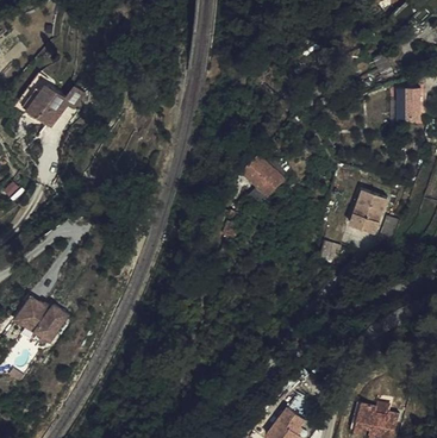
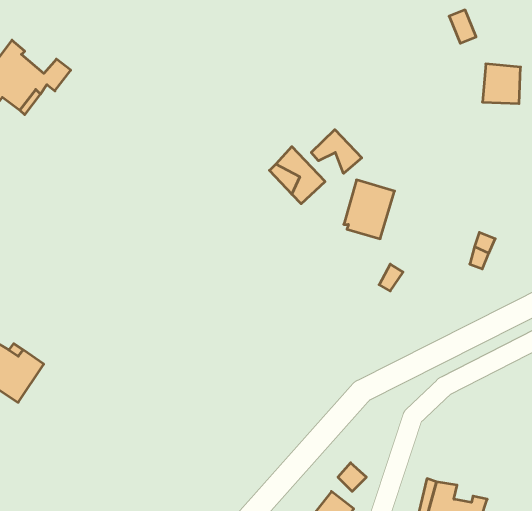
building: none -> [311,130,362,173]
building: [356,190,394,234] -> [344,180,395,239]

